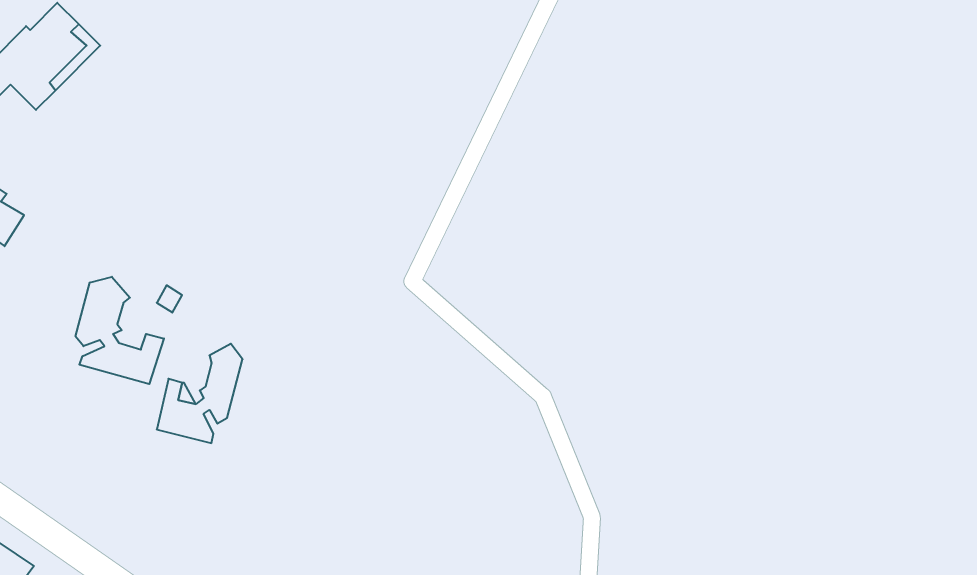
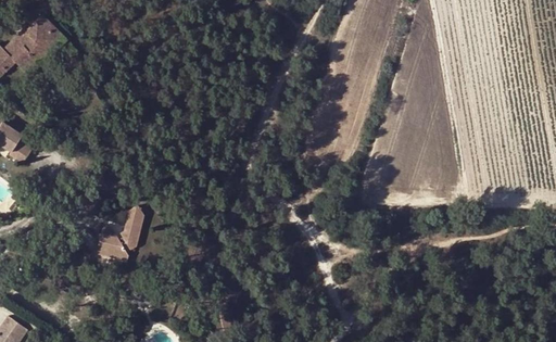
building: [76,277,164,384] -> none

